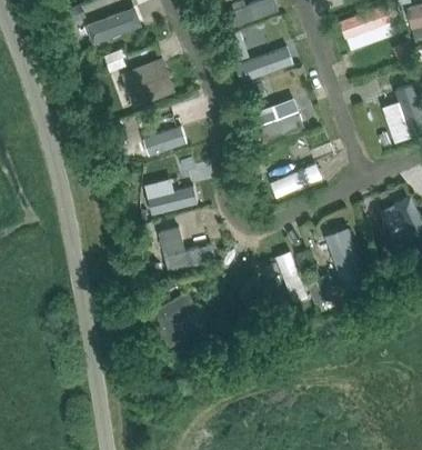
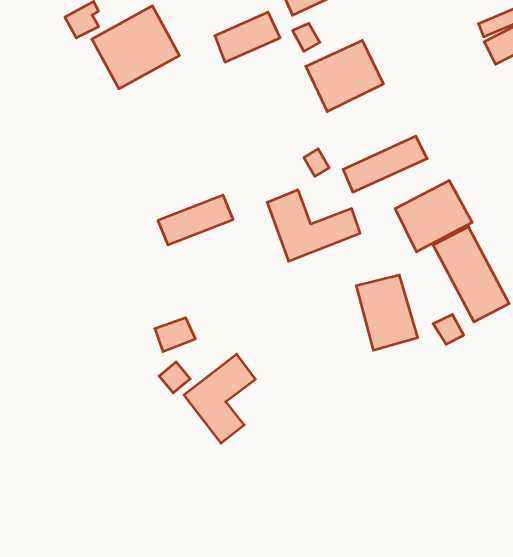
building: [145,126,188,154] -> [215,12,280,62]
building: none -> [395,180,472,252]
building: [154,229,212,274] -> [267,190,360,261]

